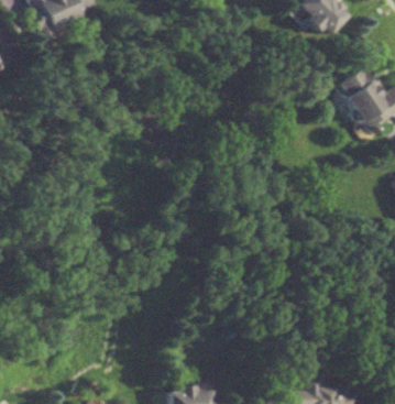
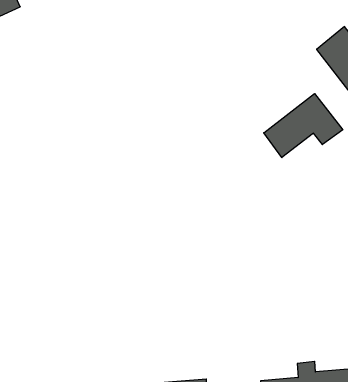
building: none -> [264,94,343,158]

